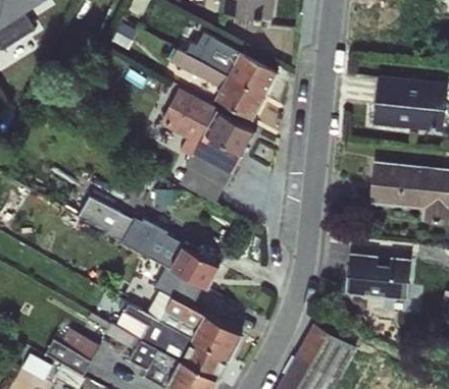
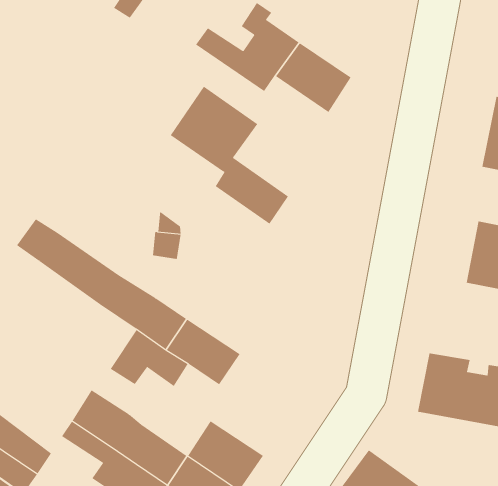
building: [214,76,265,120] -> none
building: [204,110,258,157] -> none
building: [181,155,233,204] -> none
building: [150,290,205,339] -> none

